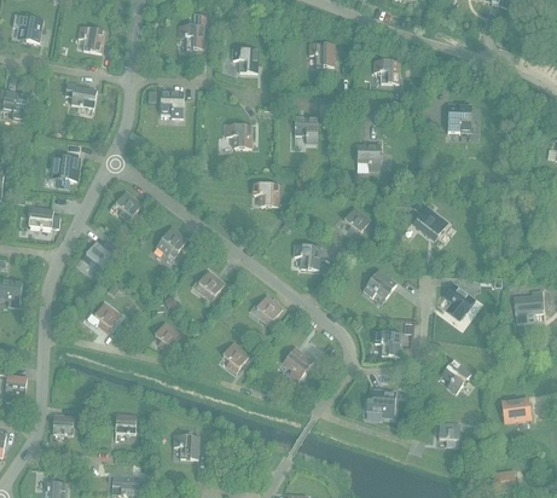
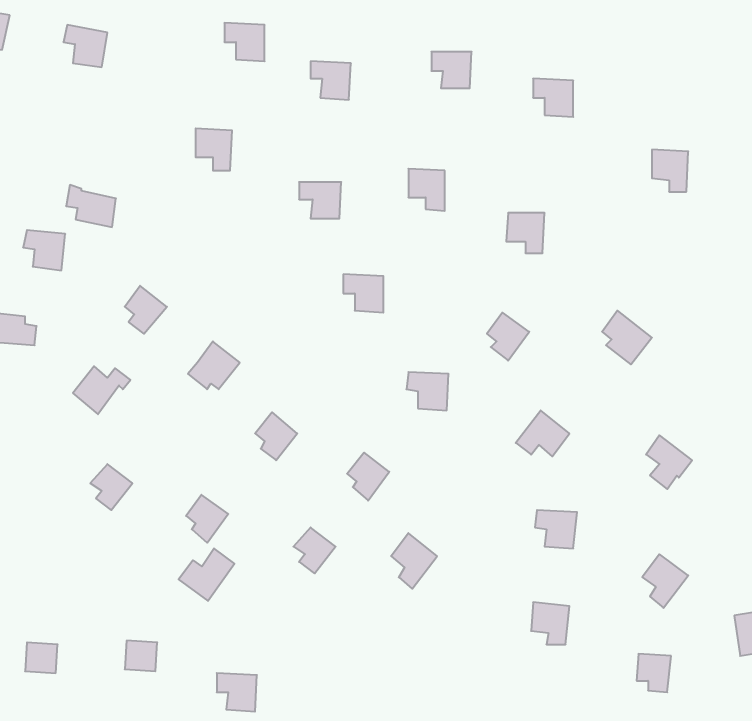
building: [64,81,95,108] -> [66,185,116,227]
building: none -> [179,548,234,601]

